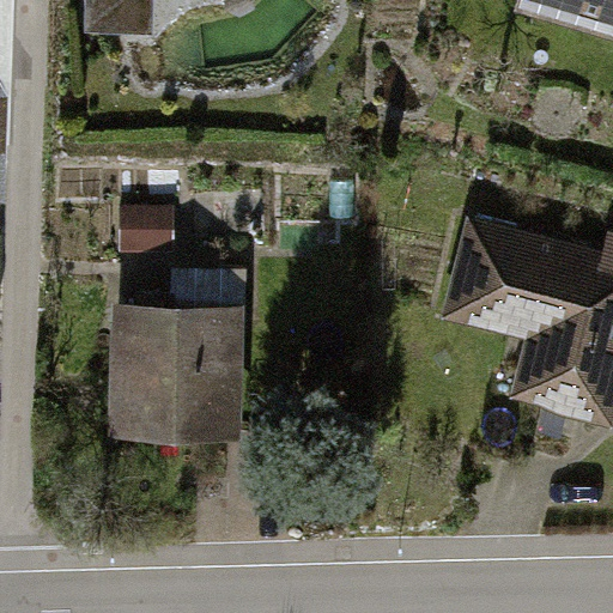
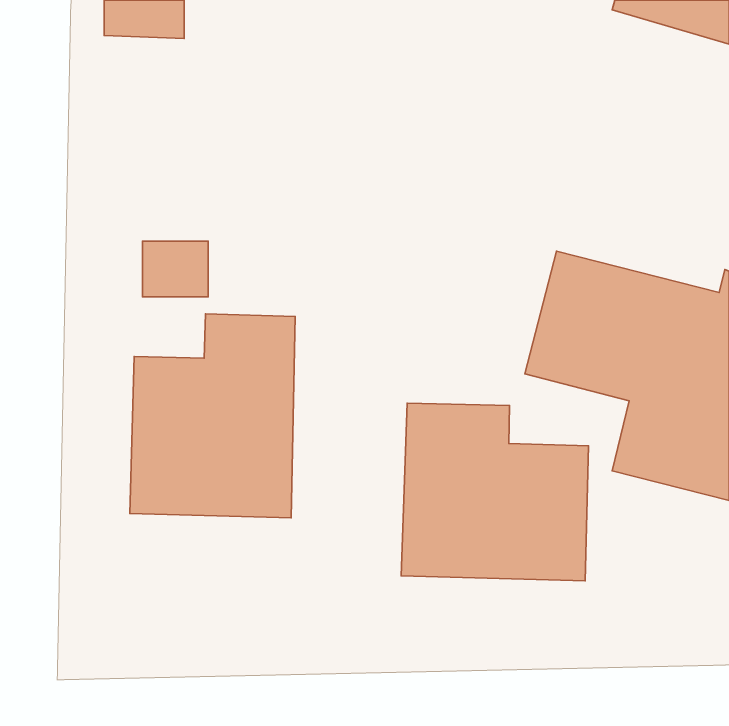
building: none -> [401,403,589,581]

